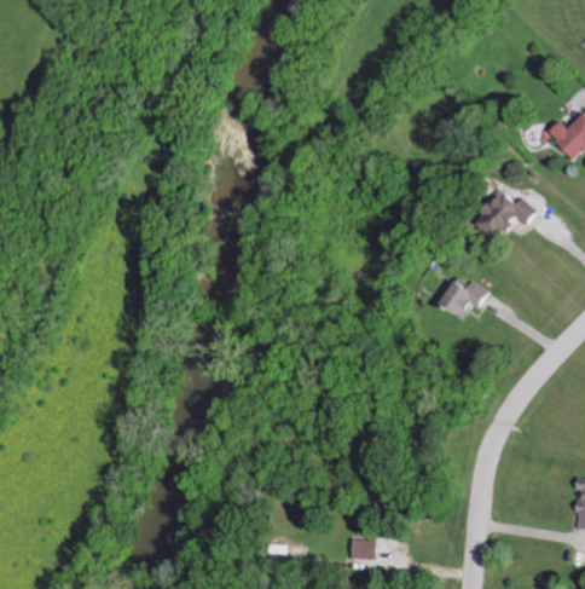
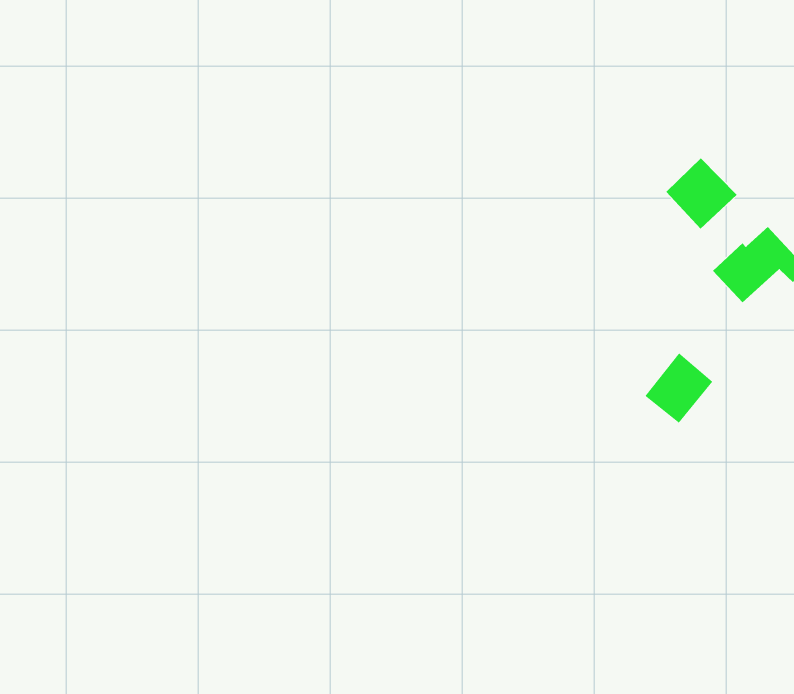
building: none -> [665,158,738,229]

